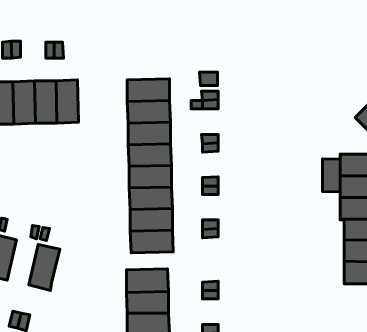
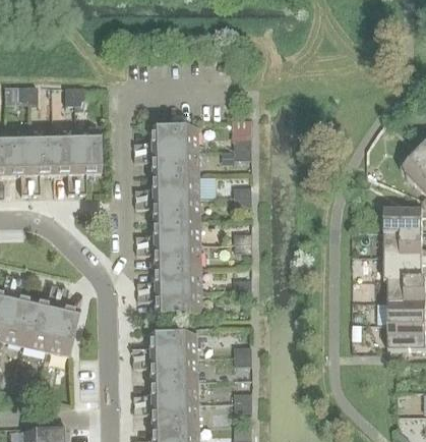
building: [322,159,340,192] -> none
building: none -> [22,301,56,350]

